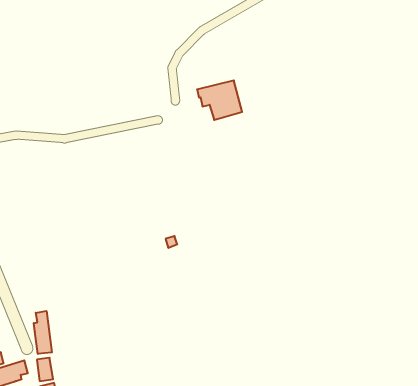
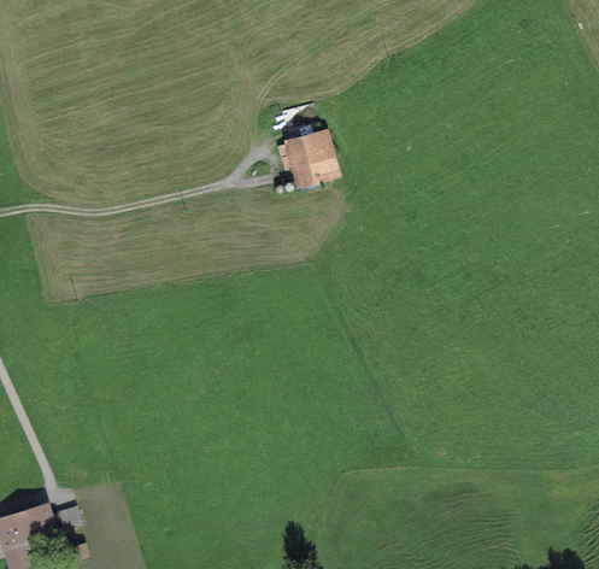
building: [34,311,52,354] -> none

